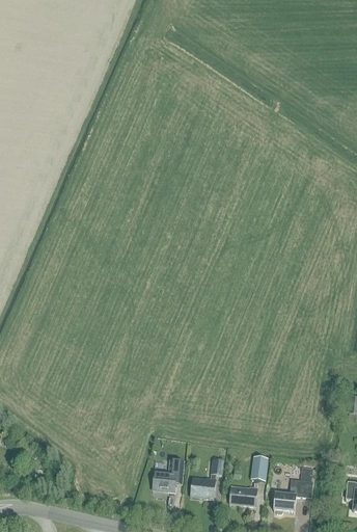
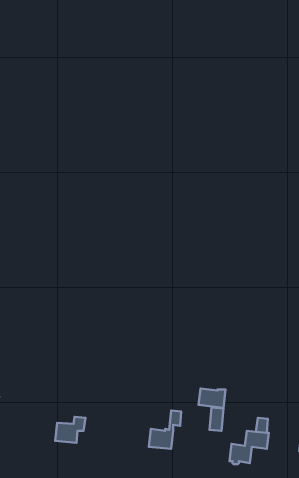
building: [153,464,184,491] -> [55,417,86,443]
building: [229,486,257,506] -> [198,389,226,408]

